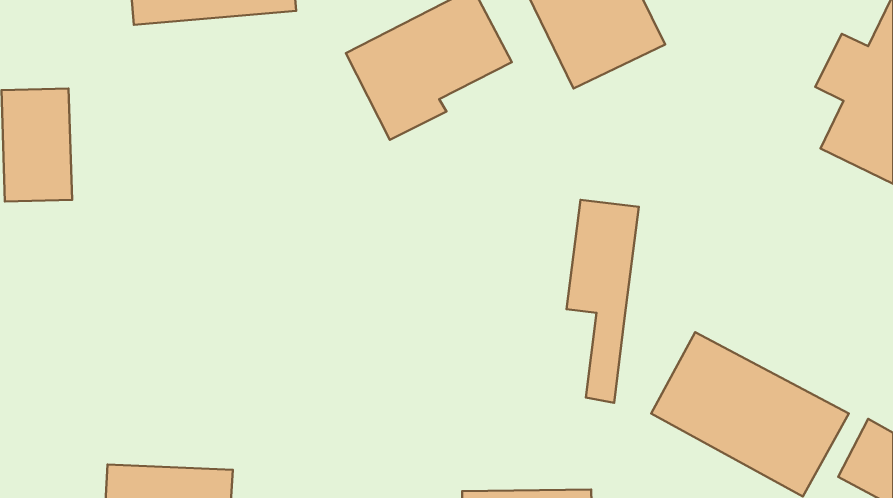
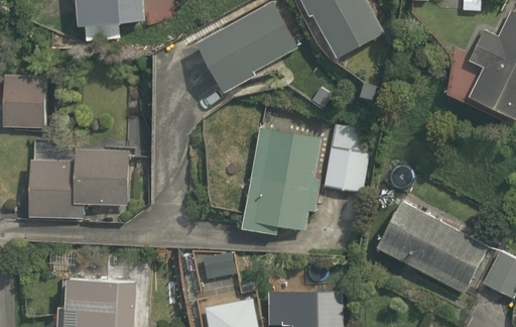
building: none -> [246,122,316,235]
building: none -> [28,148,129,218]

